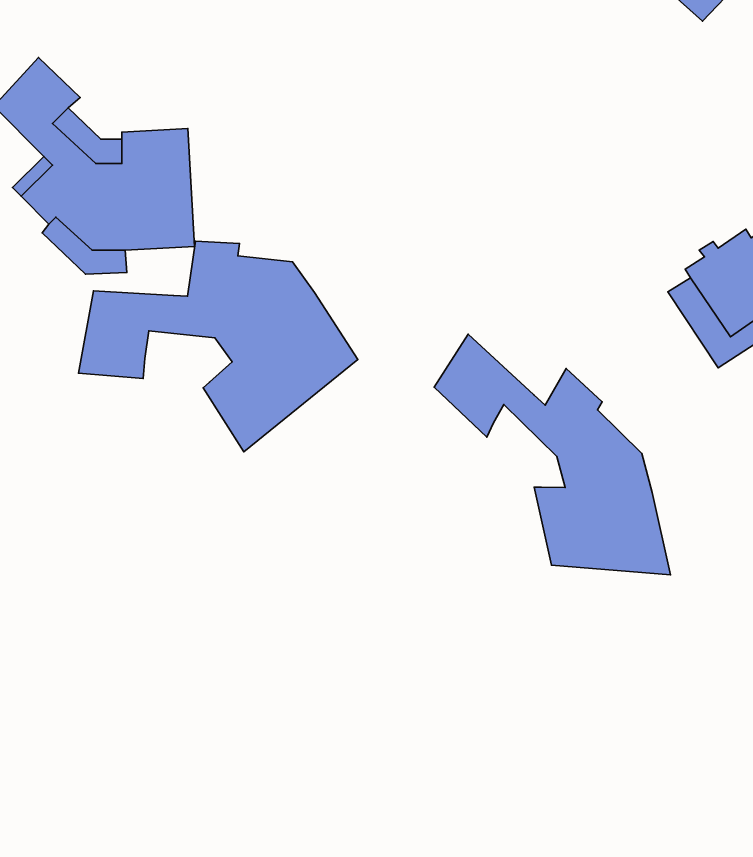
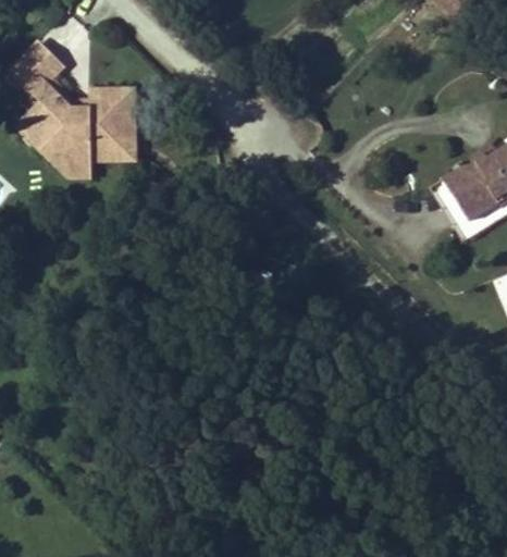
building: [79,241,358,452] -> none
building: [434,334,670,575] -> none

